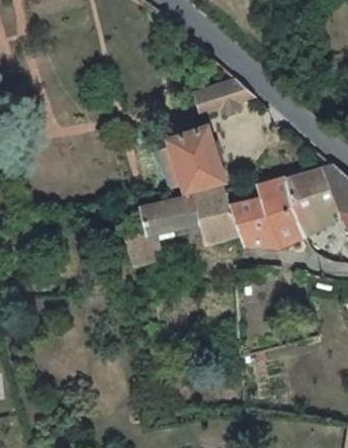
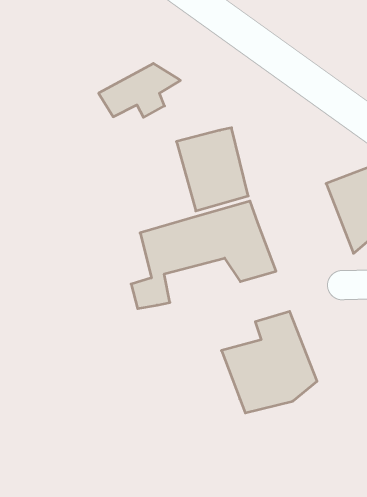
building: [190,82,254,122] -> [99,63,180,117]
building: [227,180,297,254] -> [221,311,317,413]

